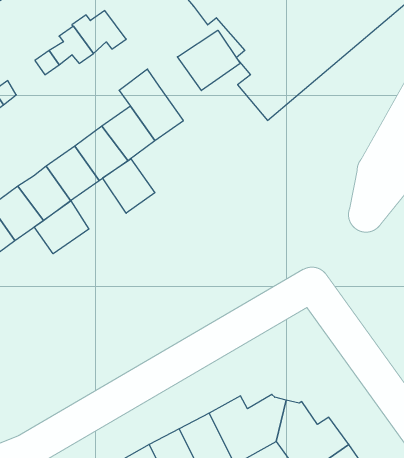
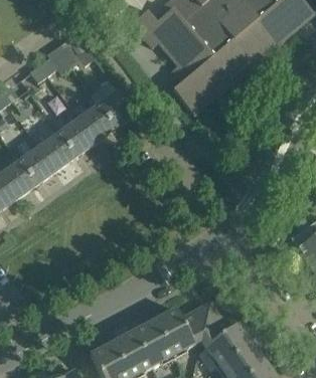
building: [177,30,240,91] -> none
building: [103,159,155,213] -> none
building: [34,201,89,254] -> none

